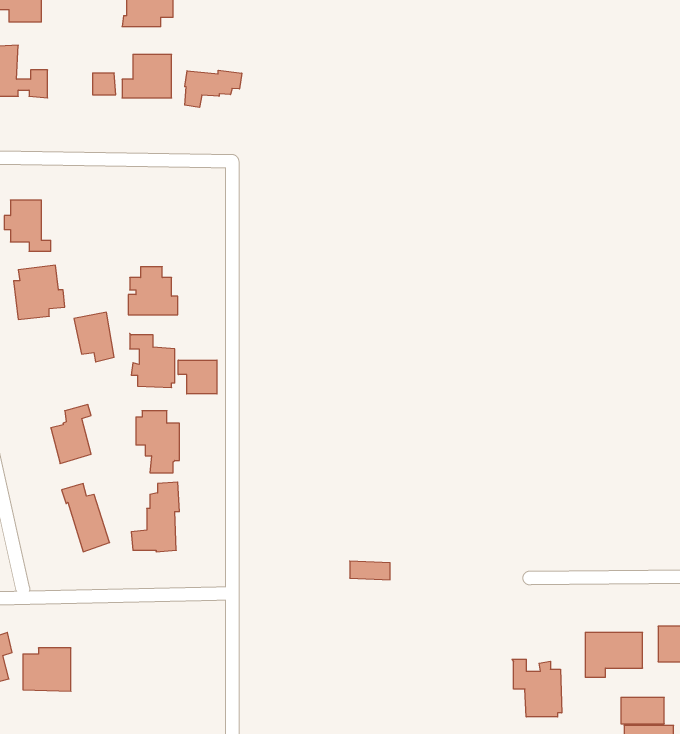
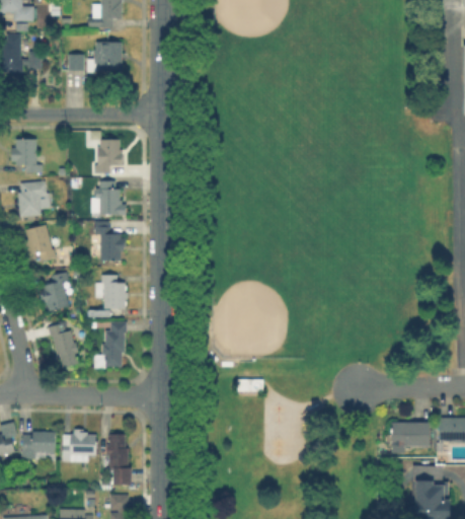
building: [185,70,242,107] -> none
building: none -> [89,141,122,172]
building: [74,312,114,362] -> [25,227,52,260]
building: [178,360,217,394] -> none
building: none -> [63,432,96,462]
building: none -> [109,436,130,484]
building: [512,659,562,717] -> none

